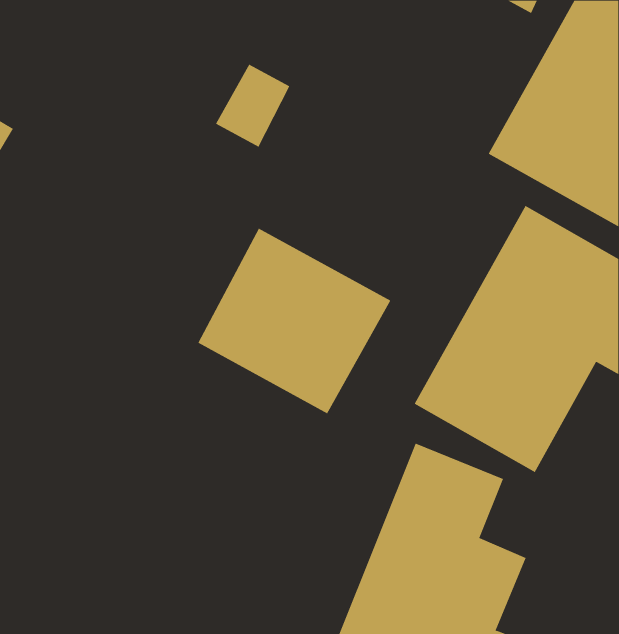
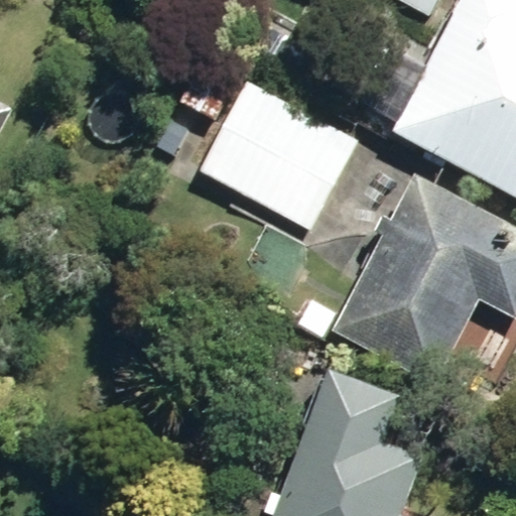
building: [197,228,391,414] -> [201,81,357,231]

